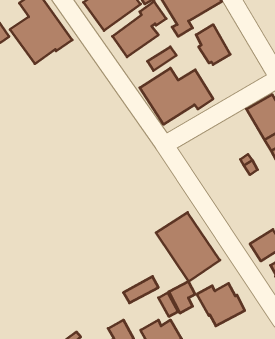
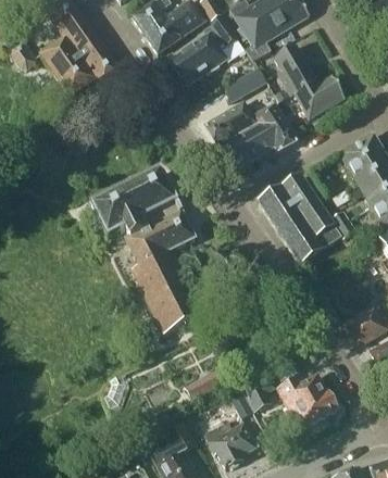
building: none -> [297,76,343,118]
building: none -> [89,169,203,334]
building: [156,212,220,281] -> [259,175,340,263]

